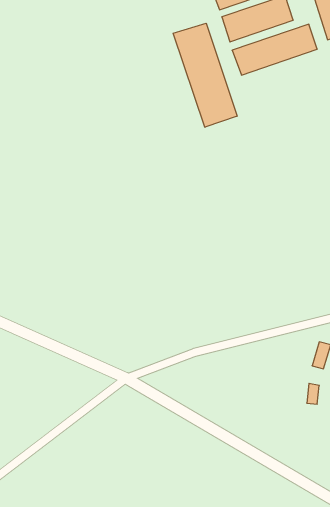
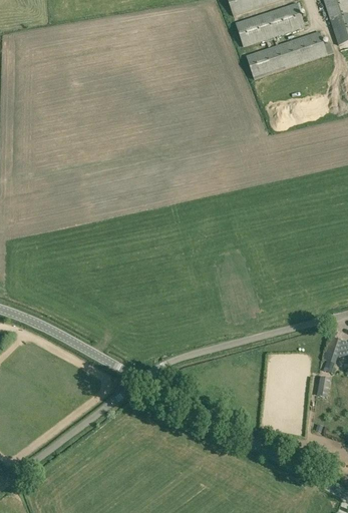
building: [173,23,237,127] -> none

